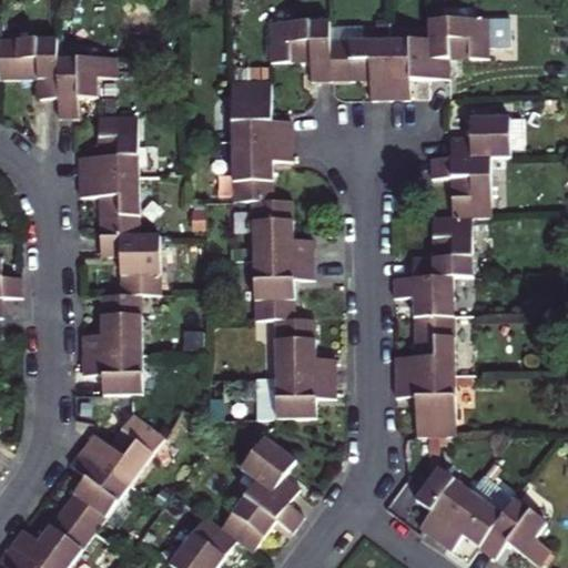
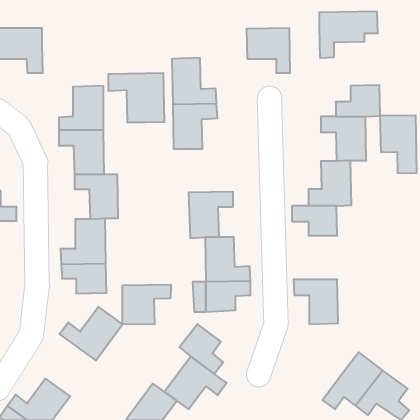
building: [267,19,332,79] -> none
building: [388,37,429,98] -> none
building: [57,59,116,116] -> none
building: none -> [108,73,164,123]
building: none -> [380,115,416,173]
building: [252,200,313,258] -> none
building: [394,316,453,375] -> none
building: none -> [122,285,171,324]
building: [61,448,129,531] -> none
building: [413,465,469,537] -> none

